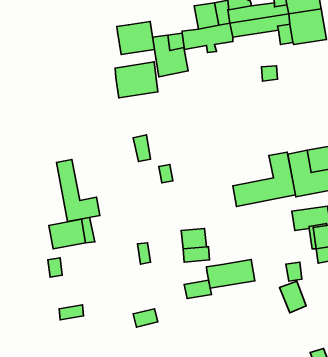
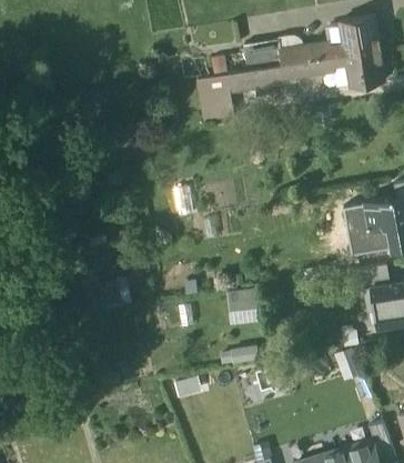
building: [117,21,154,54] -> none
building: [115,62,158,98] -> none
building: [233,152,296,206] -> none
building: [56,160,100,222] -> none
building: [207,259,255,288] -> none

